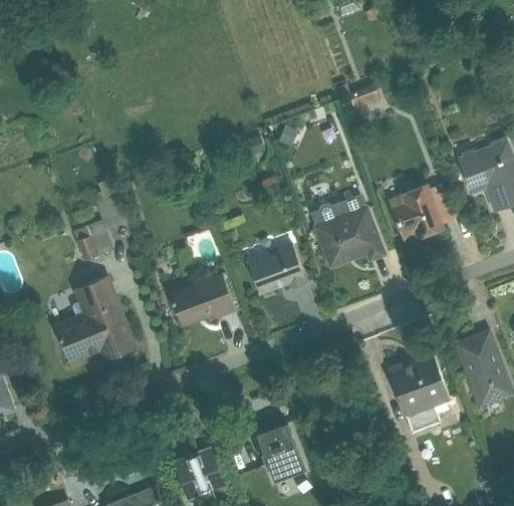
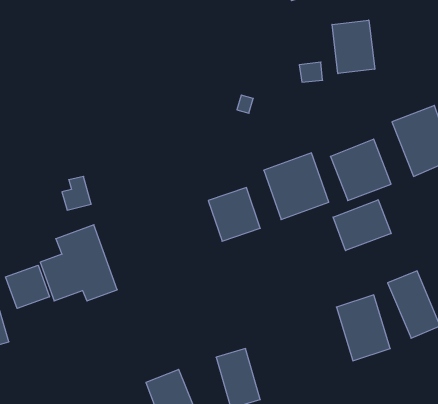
building: none -> [332,20,375,74]
building: none -> [333,200,391,251]
building: [169,270,235,328] -> none
building: none -> [6,265,49,308]

